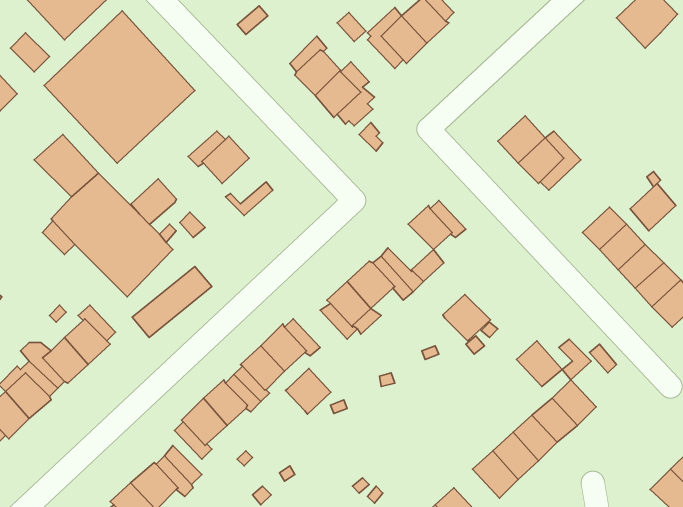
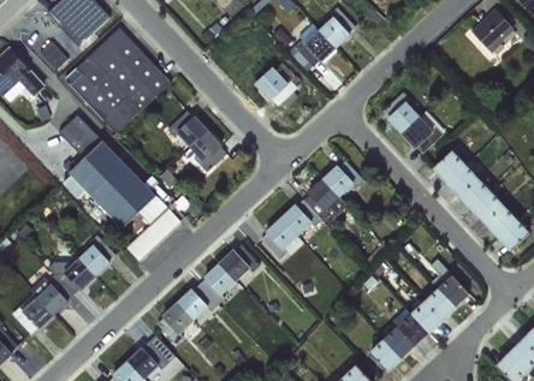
building: [131,179,177,224] -> [190,131,222,163]
building: [630,183,676,231] -> [433,150,465,184]
building: [443,295,490,342] -> [307,178,340,212]
building: [517,341,562,386] -> [438,275,470,308]
building: [286,369,331,414] -> none

